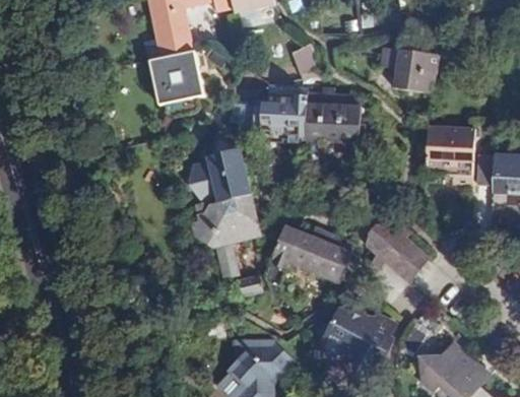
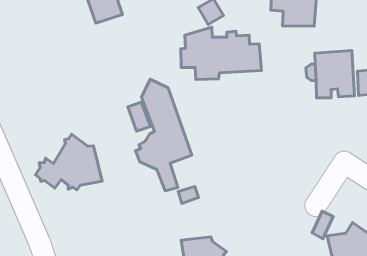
building: [148,51,205,105] -> none
building: none -> [35,134,102,190]
building: [365,220,430,282] -> none
building: [270,225,355,283] -> none
building: [320,306,396,370] -> none

